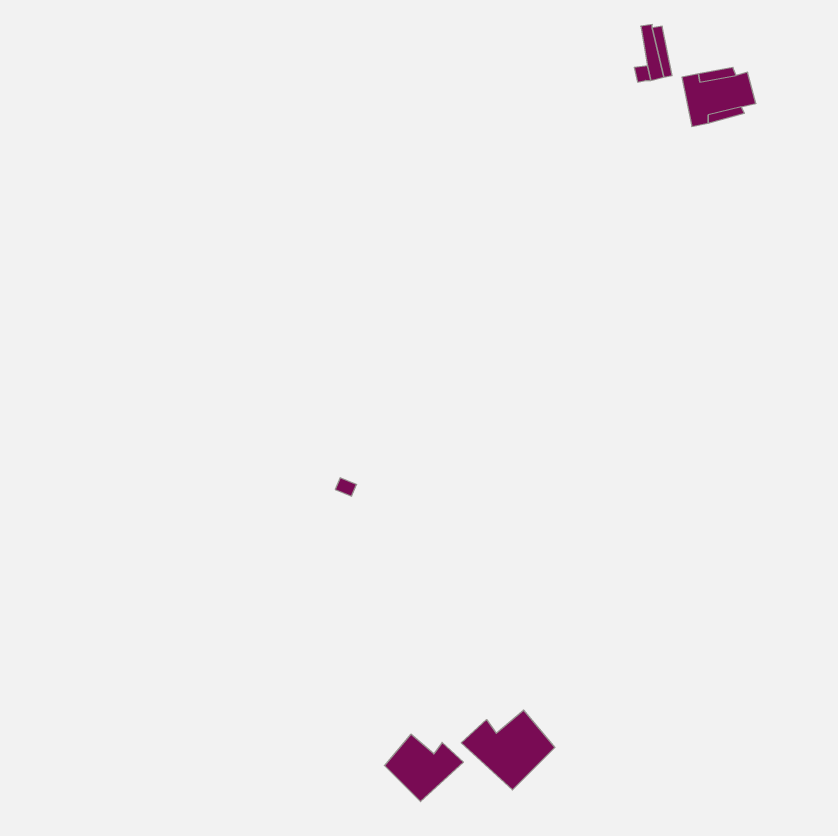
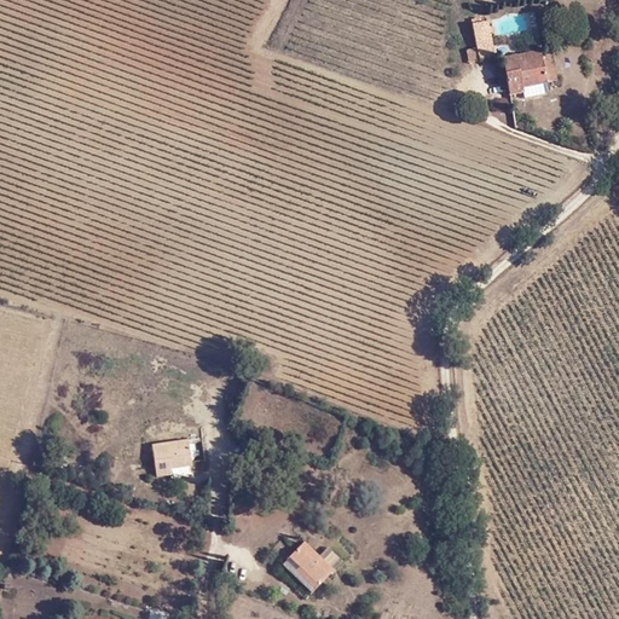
building: none -> [152,439,190,474]
building: [461,710,555,790] -> none

